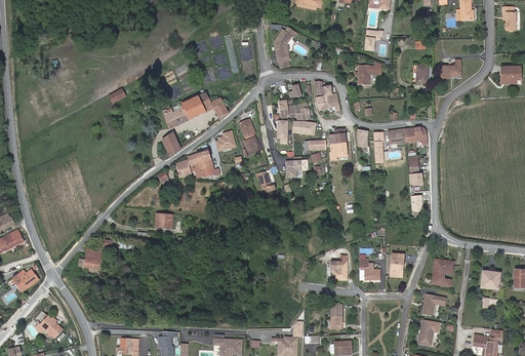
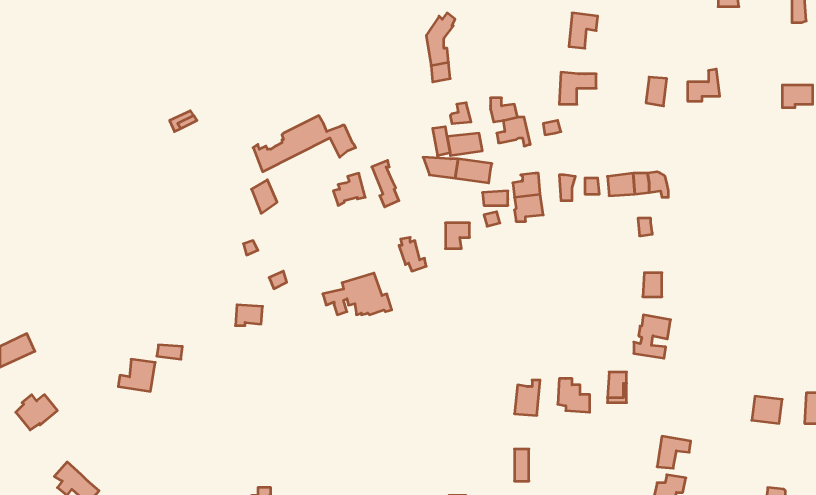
building: [173,149,217,175] -> [323,273,392,315]
building: [429,259,452,286] -> [634,315,671,358]

